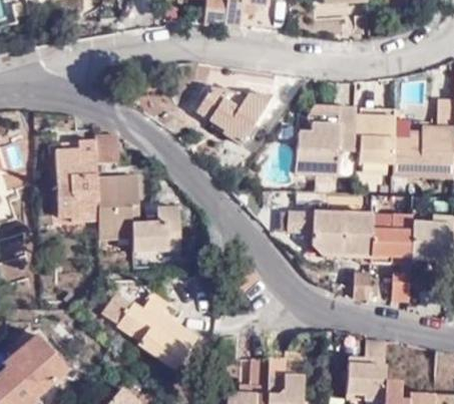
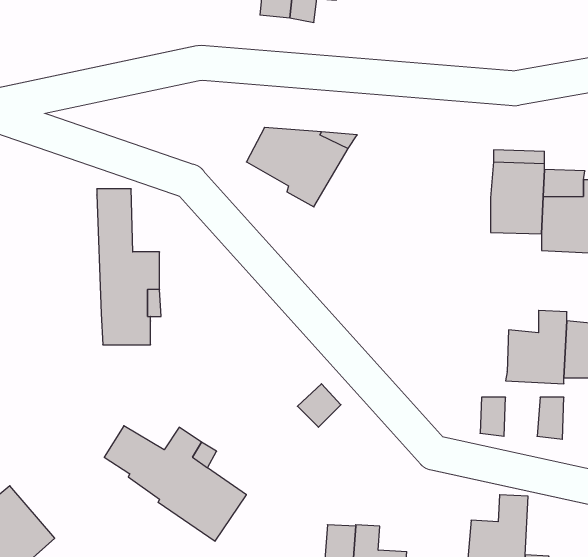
building: [297,108,355,176] -> none
building: [54,139,98,220] -> none
building: [131,208,180,252] -> none
building: [285,213,372,258] -> none

